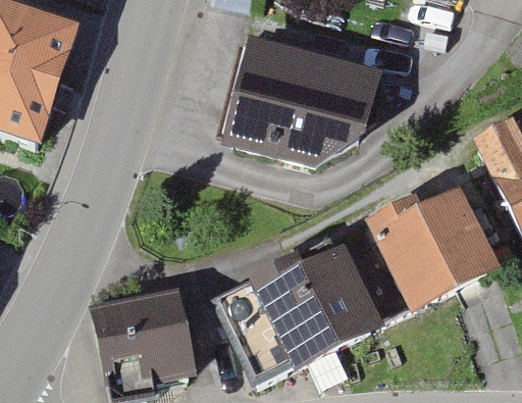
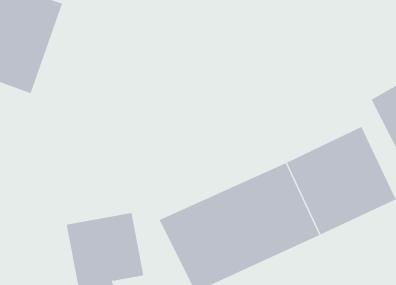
building: [221,35,379,165] -> none

